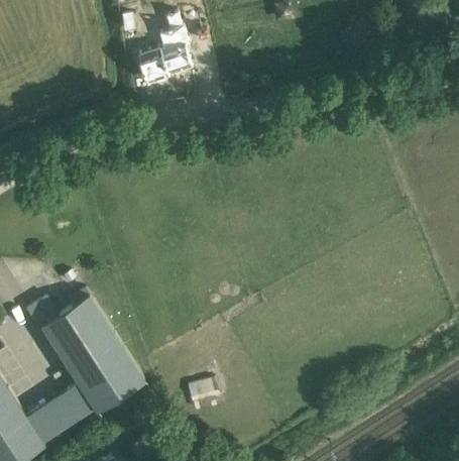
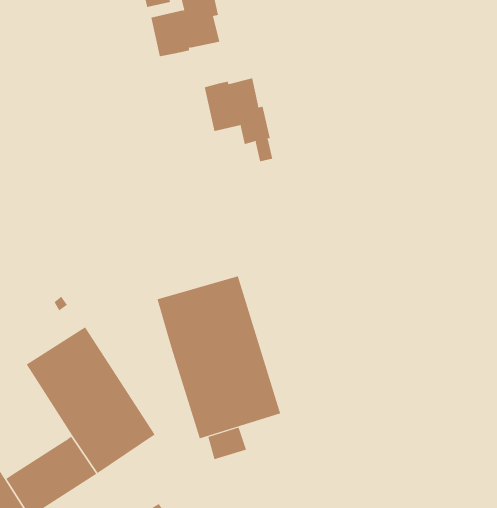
building: none -> [204,77,273,162]
building: none -> [157,276,281,439]

